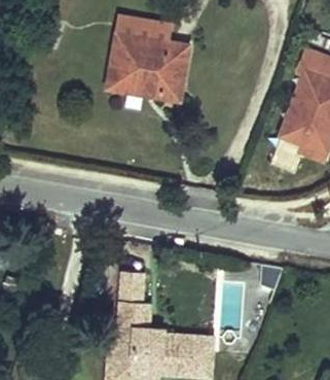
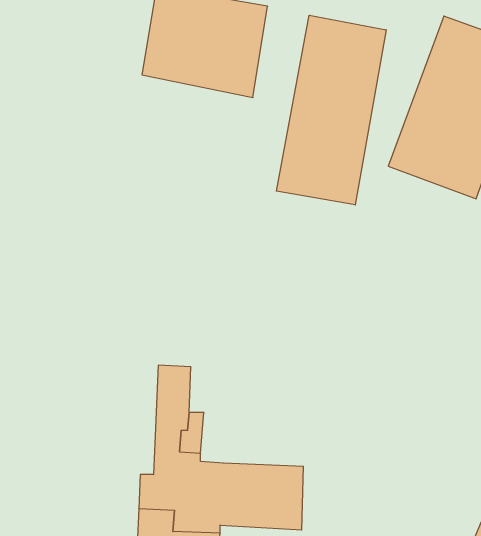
building: none -> [276,15,386,205]

